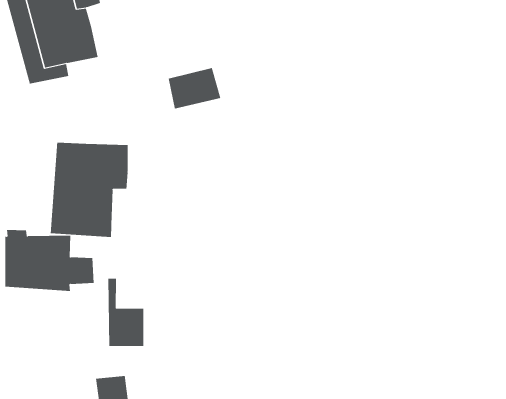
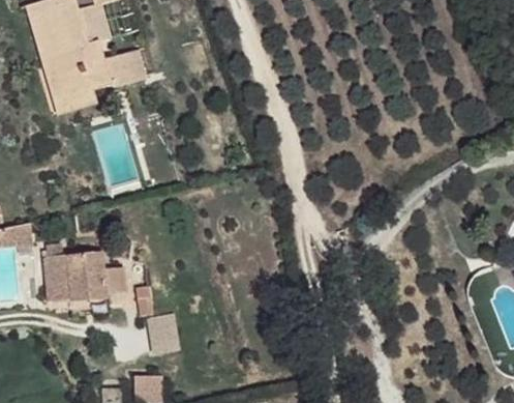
building: [168,68,221,109] -> [105,46,155,86]
building: [50,142,128,238] -> none

